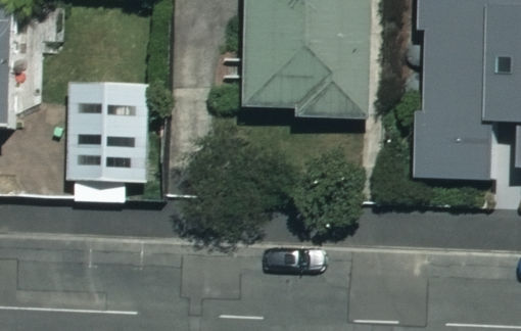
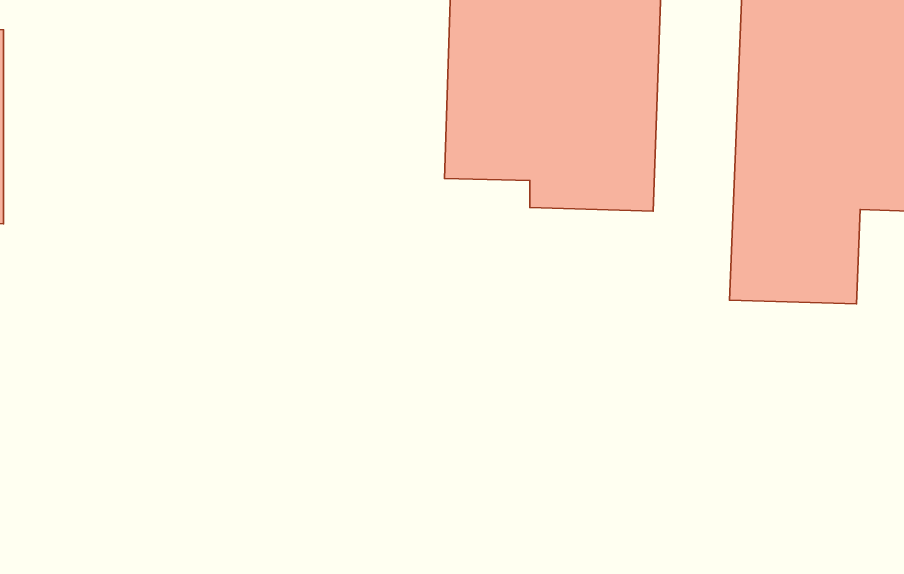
building: [65,80,147,193] -> none

